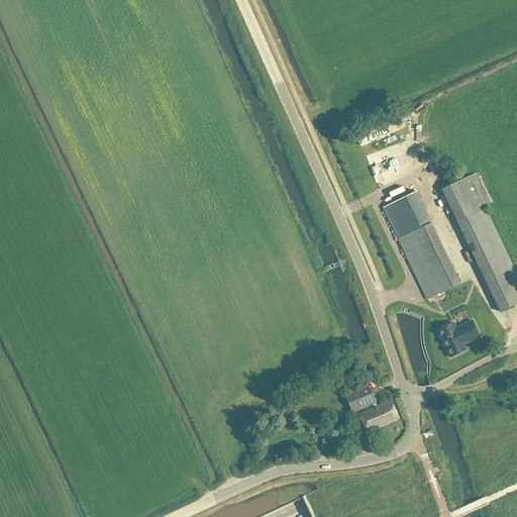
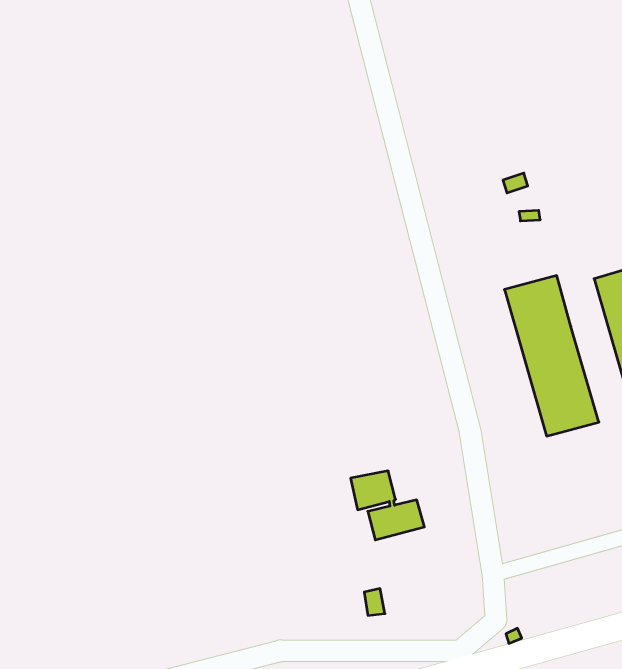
building: [437,320,480,356] -> none
building: [344,384,399,431] -> [351,471,424,540]

